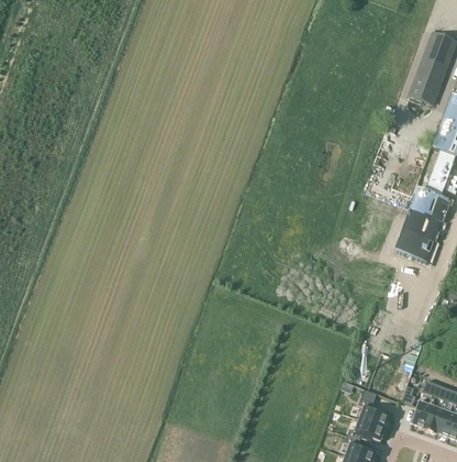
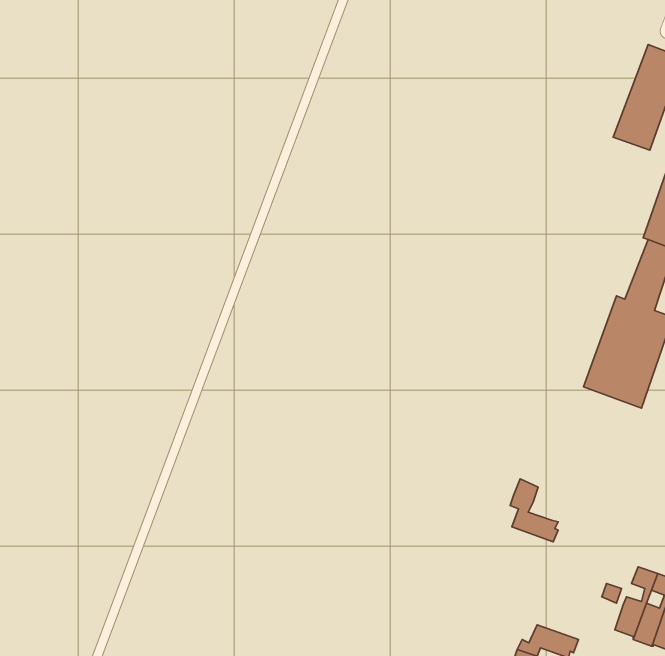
building: [359,387,391,429] -> [510,479,558,542]

